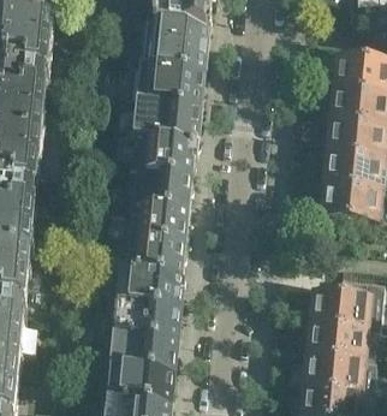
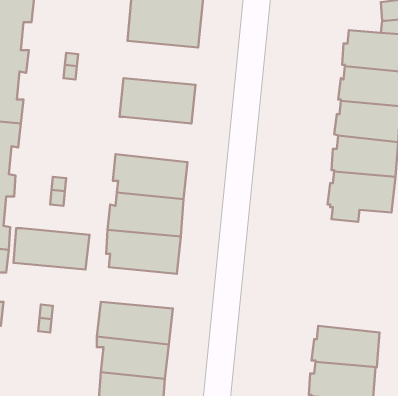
building: [136,64,203,103] -> none
building: [129,132,197,173] -> none
building: [115,268,184,305] -> [14,228,89,269]
building: [309,278,371,327] -> none

